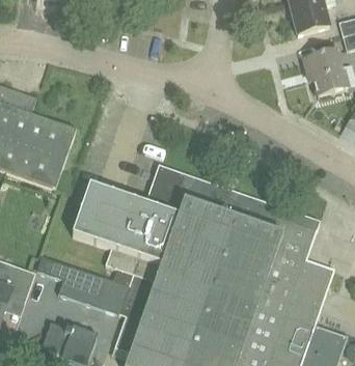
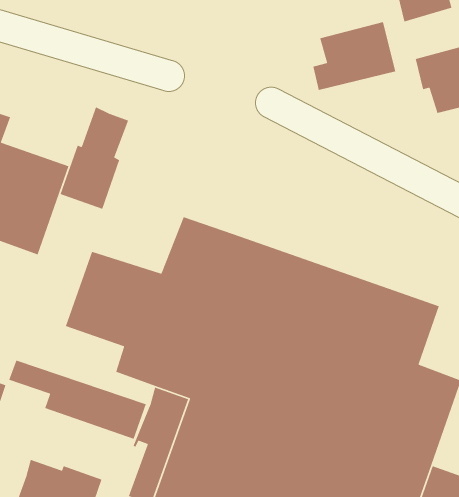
building: none -> [311,21,396,91]
building: none -> [59,106,129,210]

